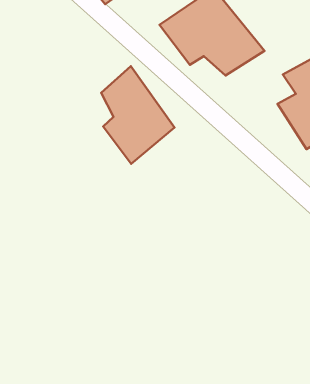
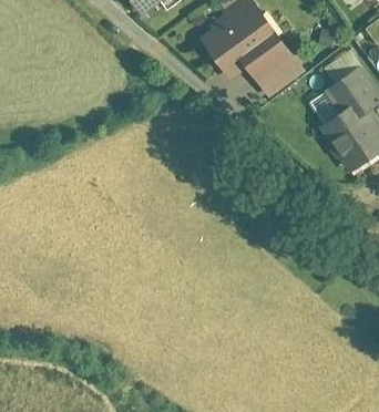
building: [101,66,174,164] -> none

